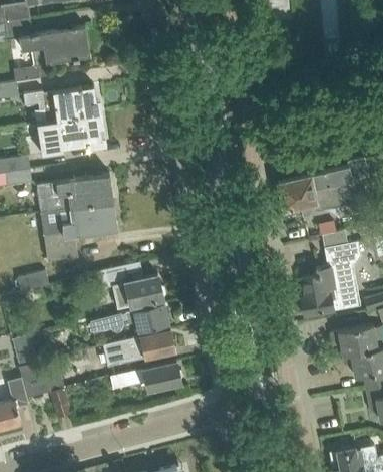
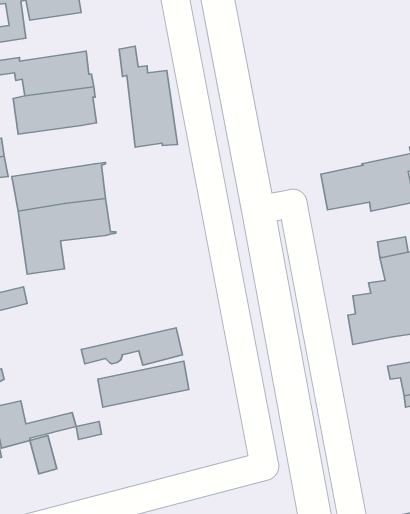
building: none -> [119,46,177,147]
building: [94,263,163,309] -> none
building: [110,362,181,391] -> none

